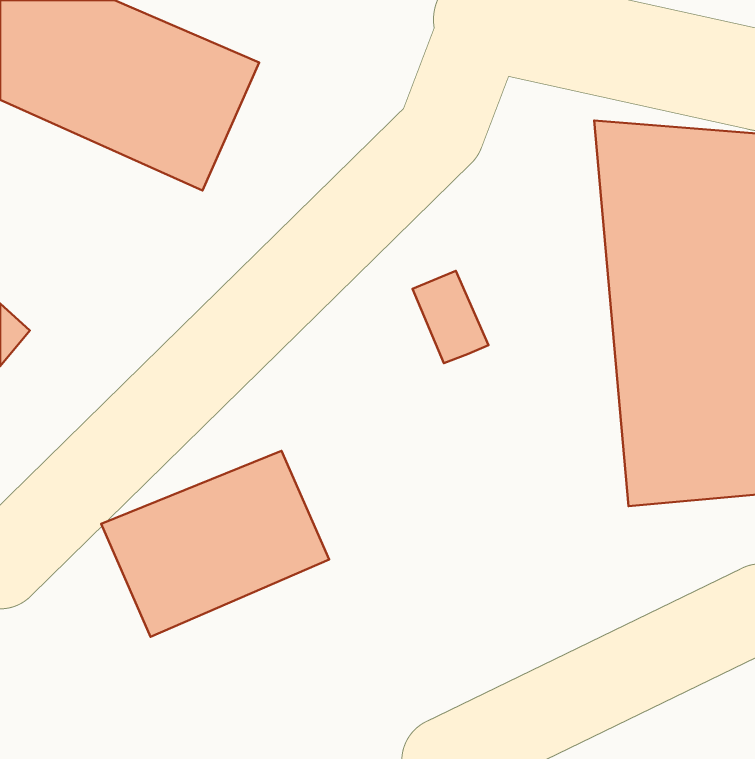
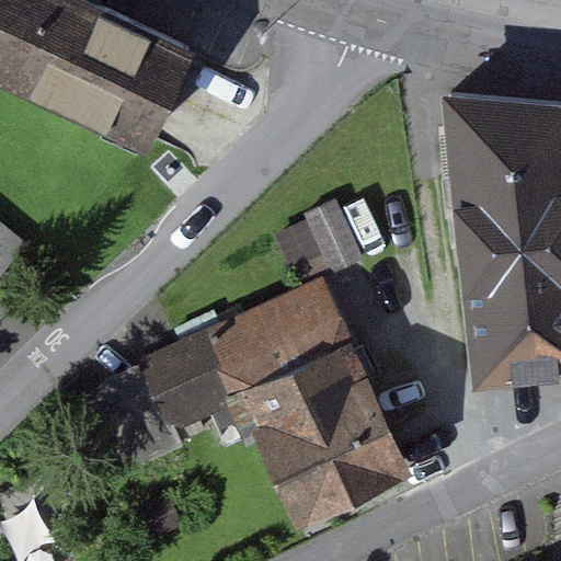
building: none -> [211,284,403,515]

